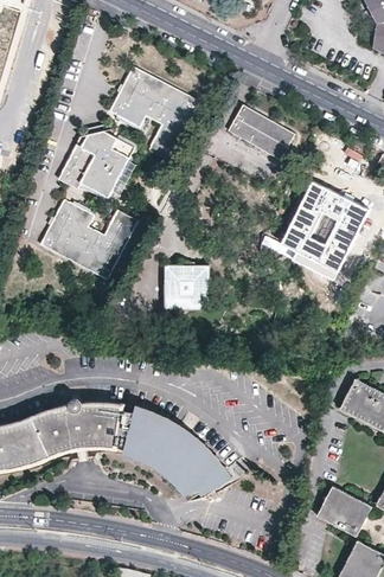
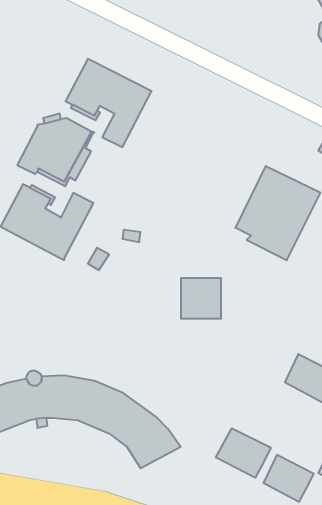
building: [228,105,292,160] -> none
building: [164,265,206,308] -> [181,278,221,319]
building: none -> [216,428,271,478]

